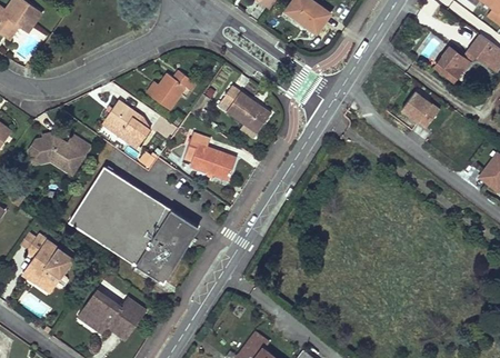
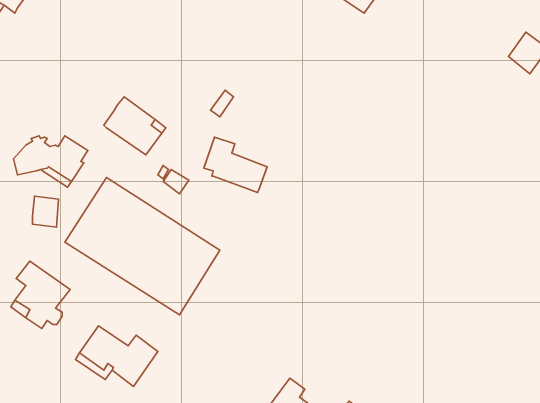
building: [146,70,196,109] -> none
building: [218,86,270,132] -> none
building: [400,90,440,128] -> none
building: none -> [32,196,59,227]

